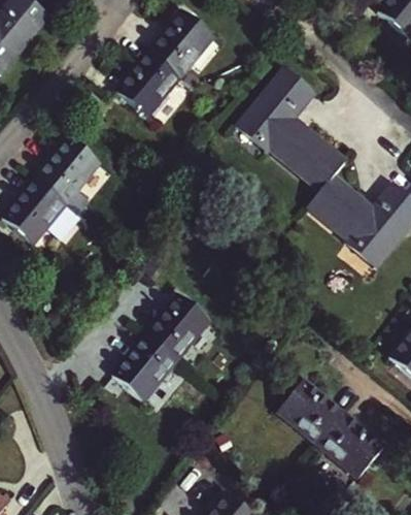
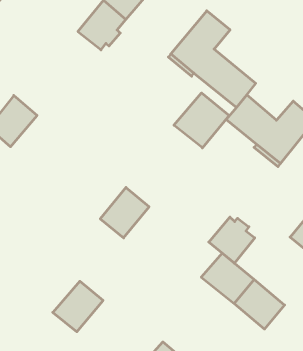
building: [36,136,99,213] -> none
building: none -> [174,93,229,148]
building: none -> [209,217,255,263]
building: [112,335,177,400] -> [53,281,103,332]

